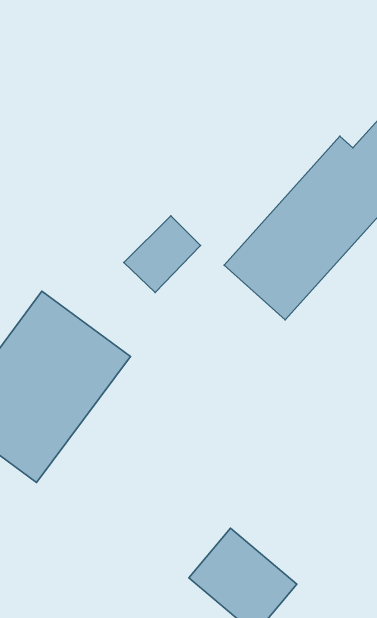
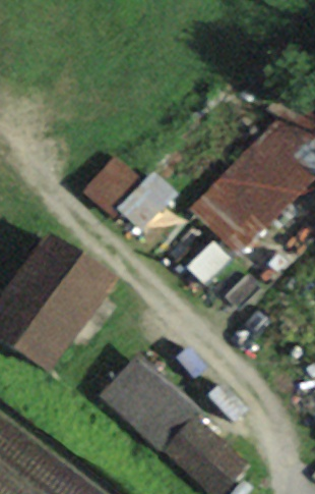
building: none -> [98,359,197,453]

